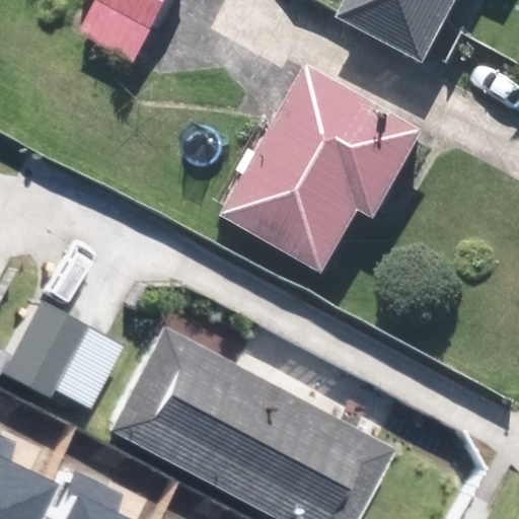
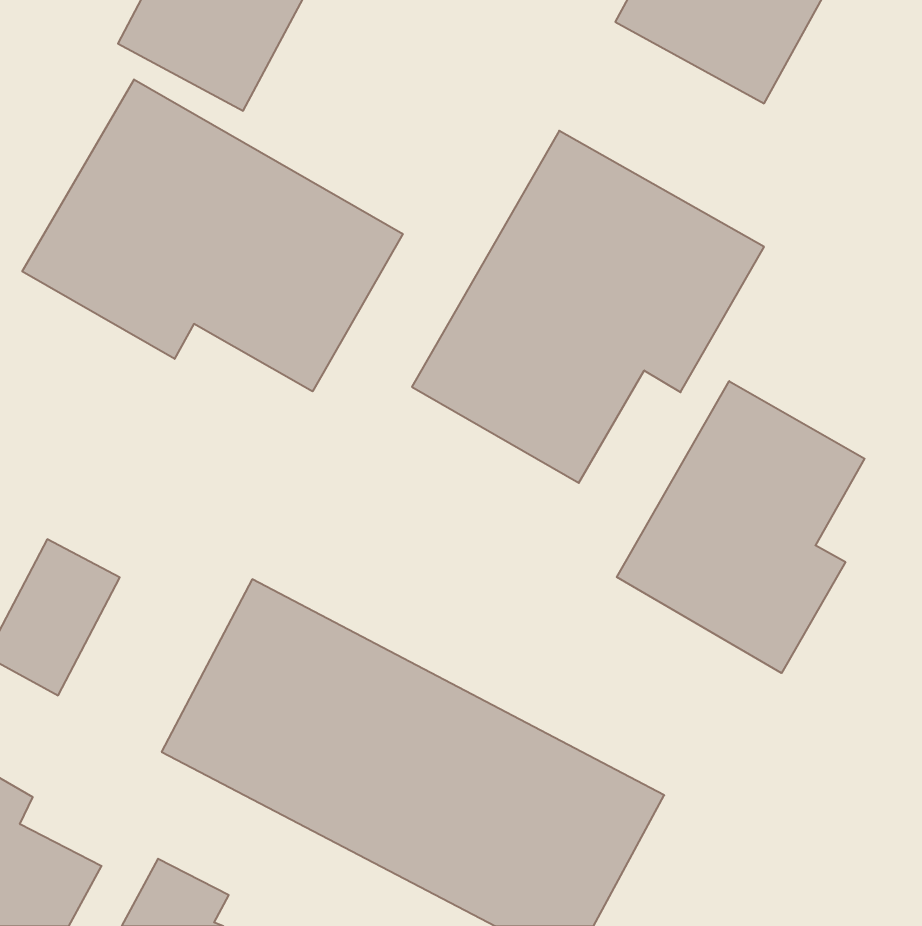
building: none -> [22,79,403,391]
building: none -> [617,381,865,673]

